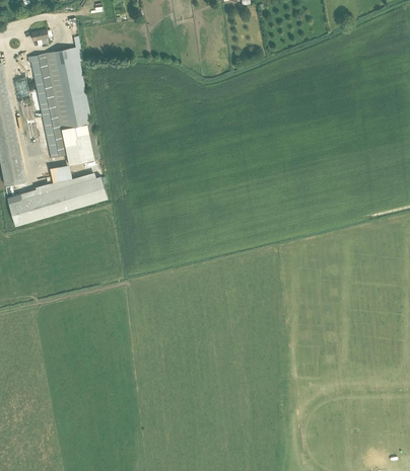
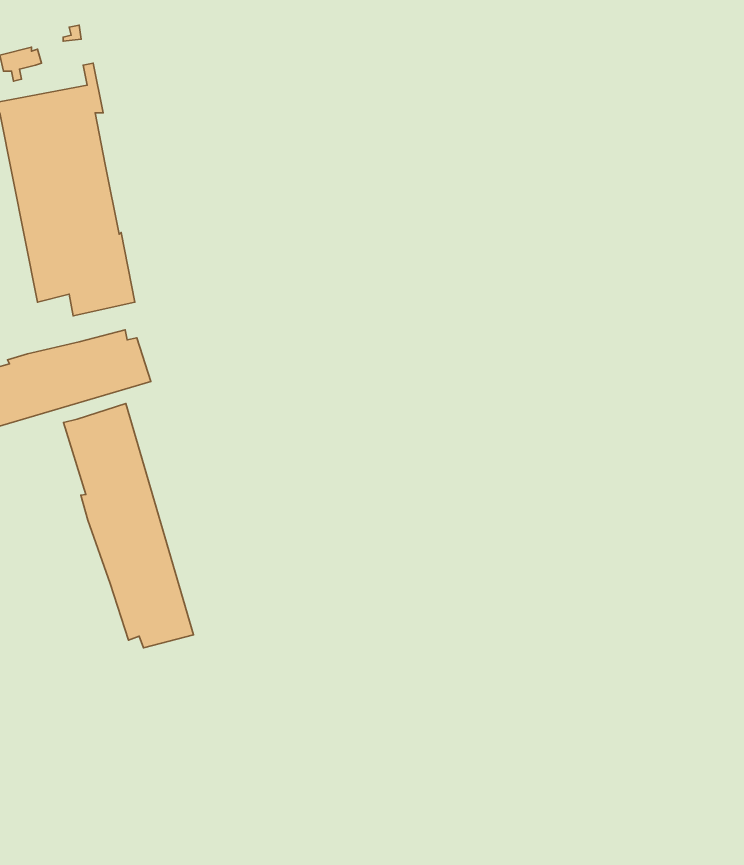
building: none -> [63,404,194,648]

